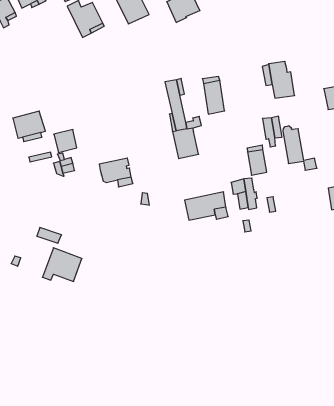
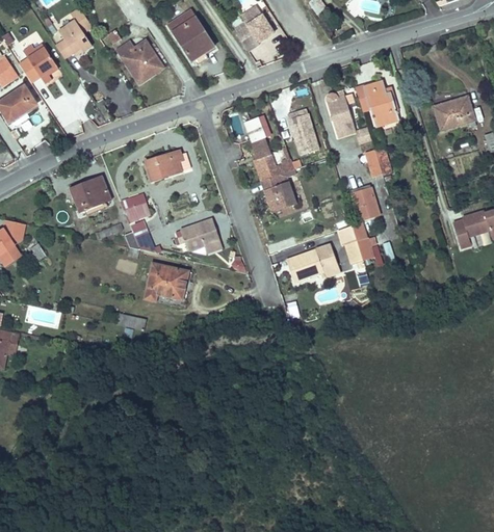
building: none -> [146,151,190,181]
building: [283,126,317,170] -> [326,92,371,142]
building: [42,248,82,281] -> [144,263,187,301]

